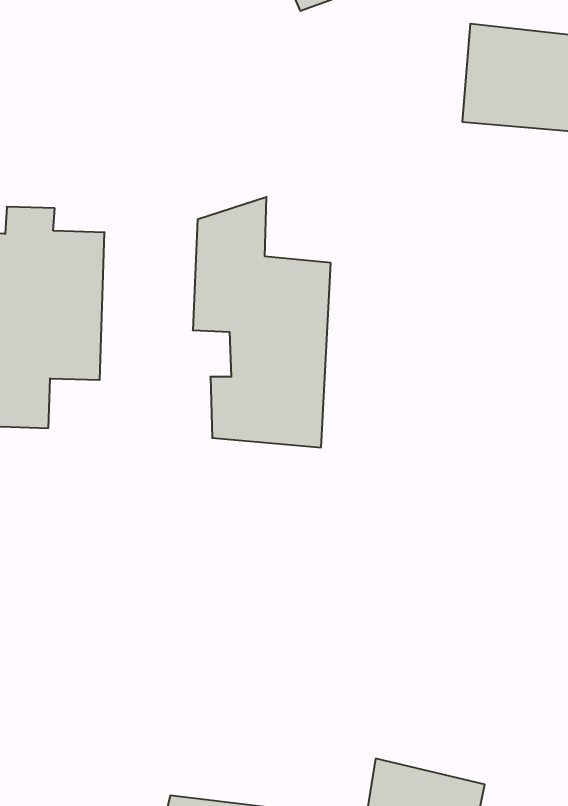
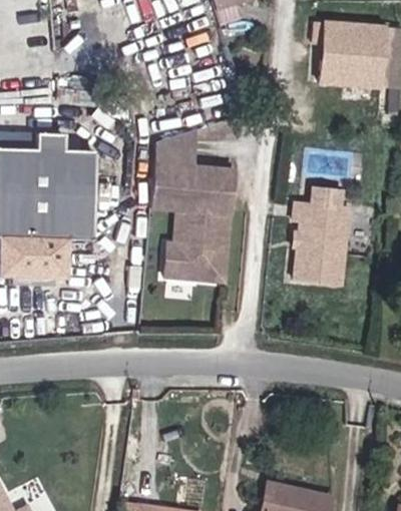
building: none -> [294,199,348,286]

